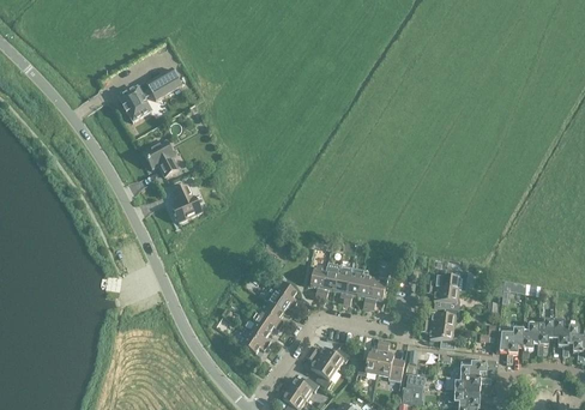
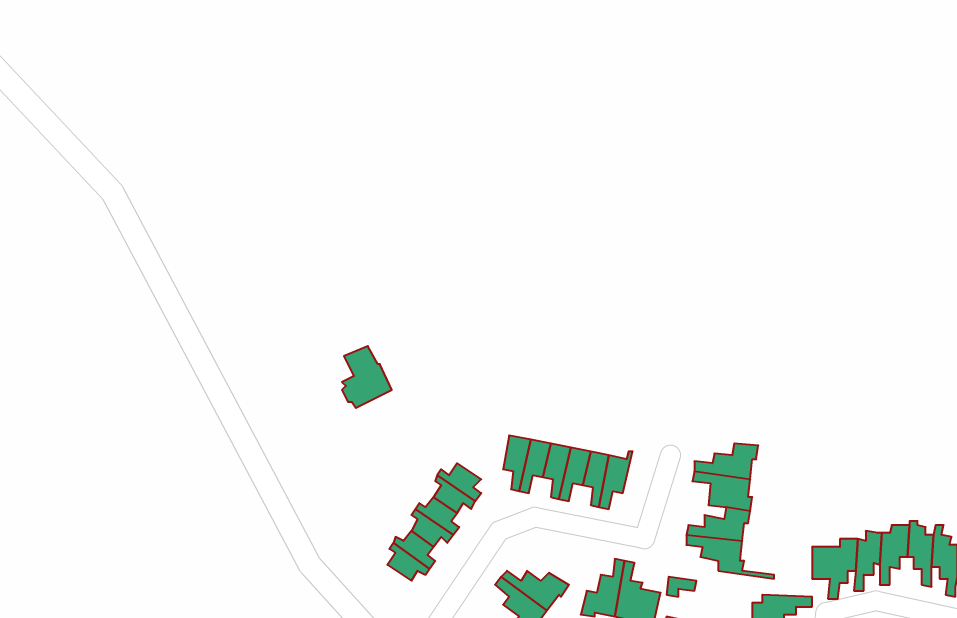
building: [119,72,177,120] -> none
building: [144,139,179,175] -> none
building: [169,185,199,222] -> [342,346,392,408]

